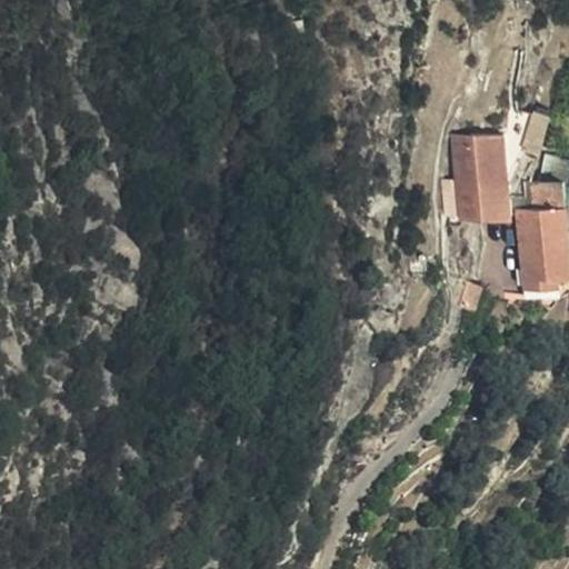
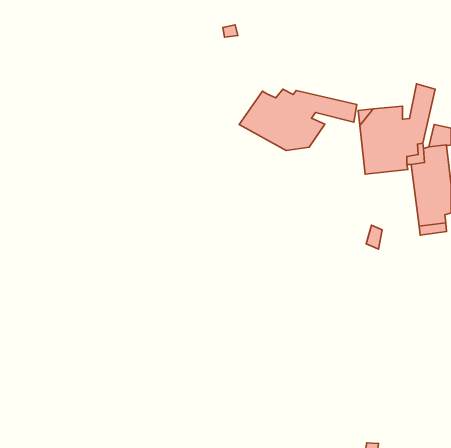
building: none -> [239,89,357,151]

